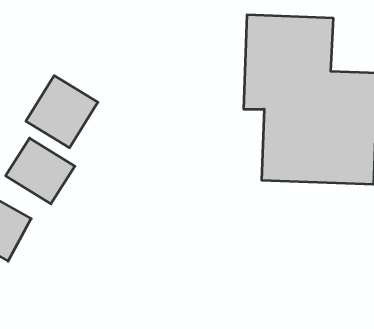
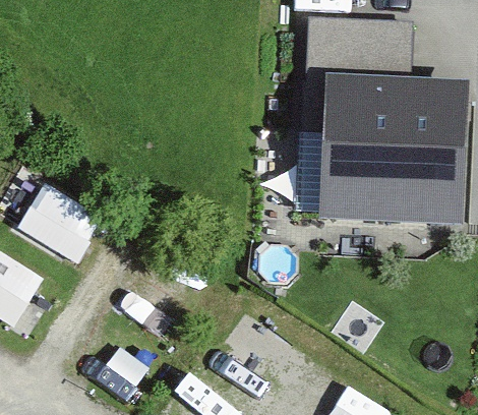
building: [26,76,98,148] -> none

